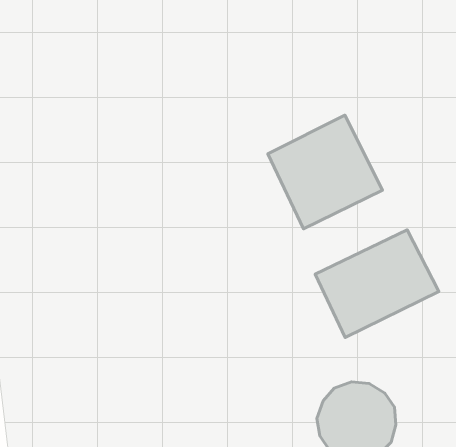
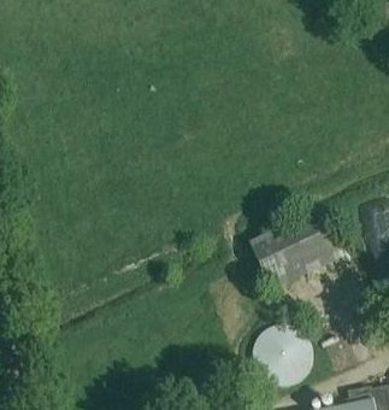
building: [268,115,383,229] -> none

